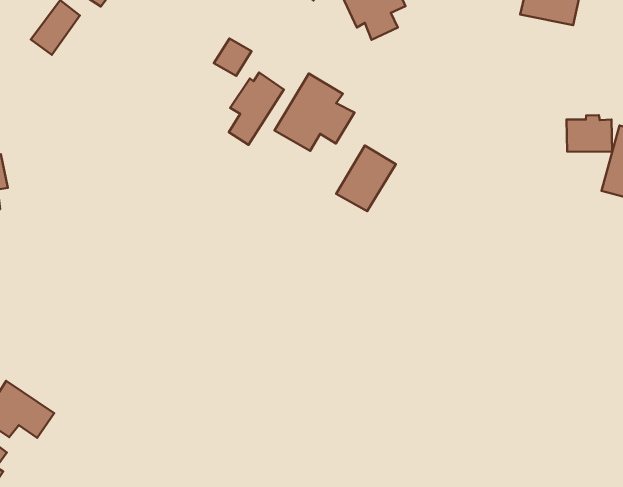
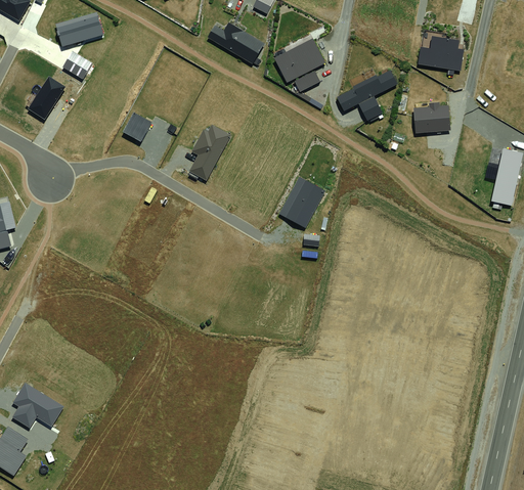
building: none -> [336,70,397,121]
building: [214,38,252,76] -> [122,113,151,142]
building: [275,74,355,151] -> none
building: [567,115,612,152] -> [412,102,450,133]

